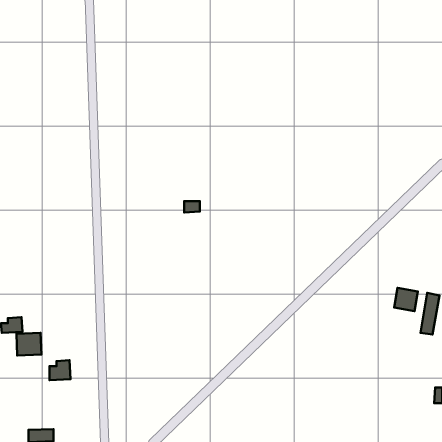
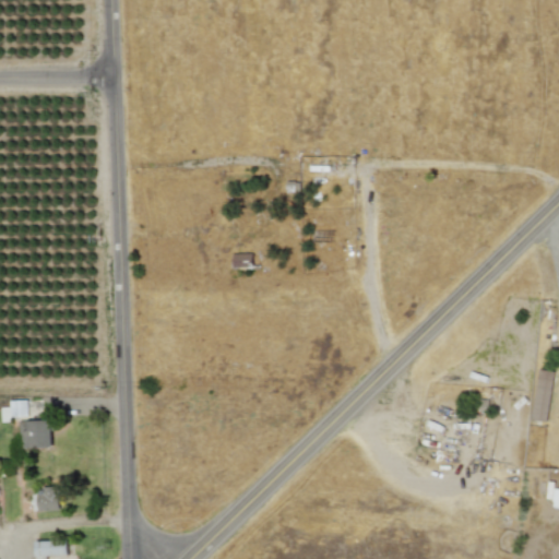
building: [394,288,418,311] -> none
building: [50,360,70,380] -> [33,487,59,512]

